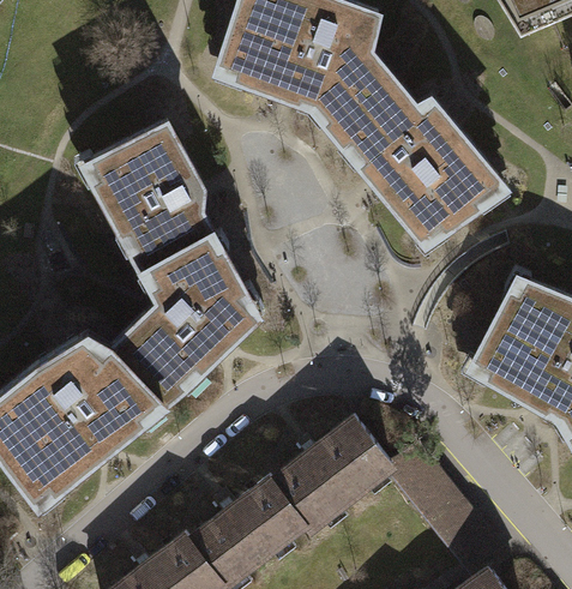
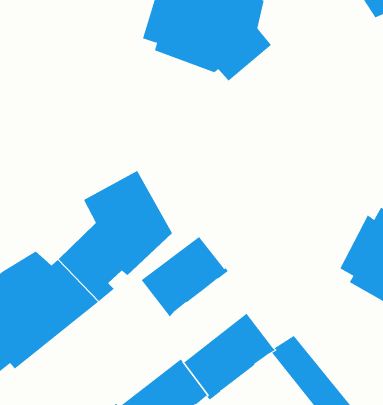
building: [324,72,498,239] -> none
building: [92,122,213,272] -> none
building: none -> [141,235,228,317]

